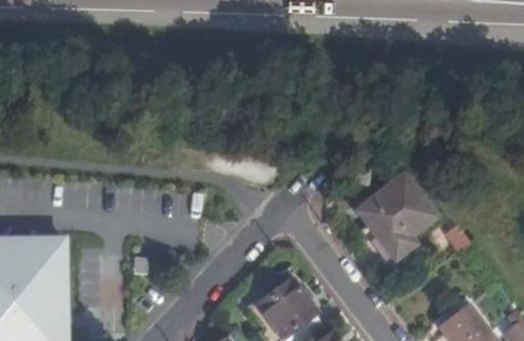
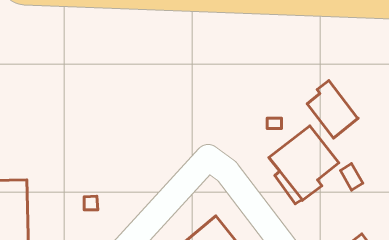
building: none -> [307,81,358,138]

